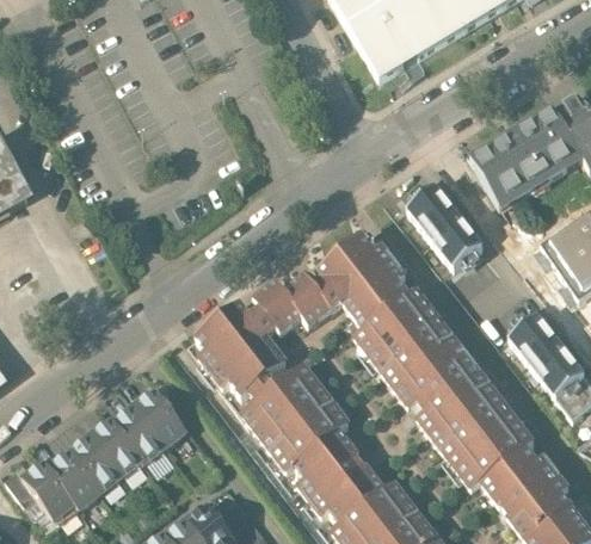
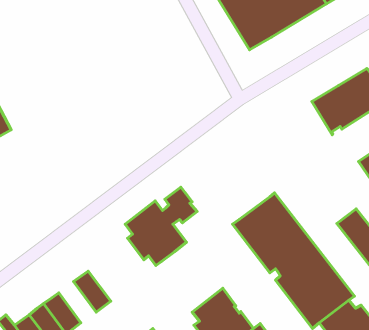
building: [406,184,481,266] -> none
building: [284,235,408,329] -> none
building: [241,365,349,472] -> none
building: [140,389,195,450] -> none
building: [97,421,152,482] -> none

